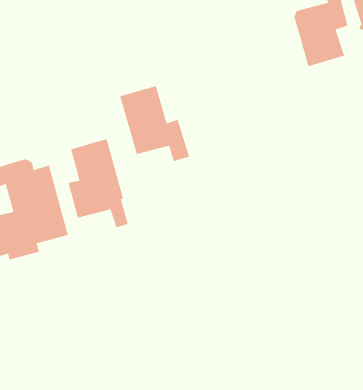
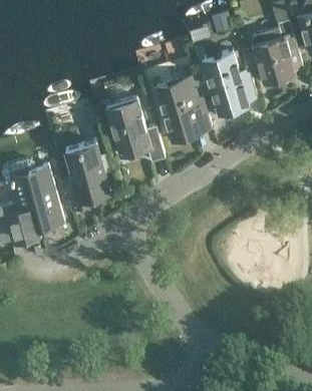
building: none -> [202,53,257,115]
building: none -> [154,75,211,141]

